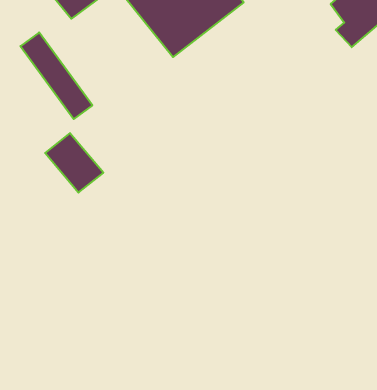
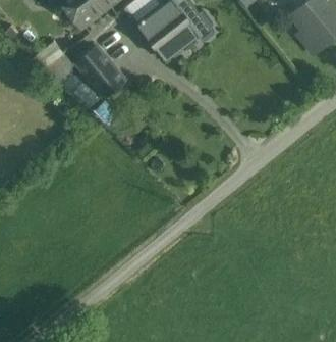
building: [45,133,103,193] -> [76,47,124,96]

